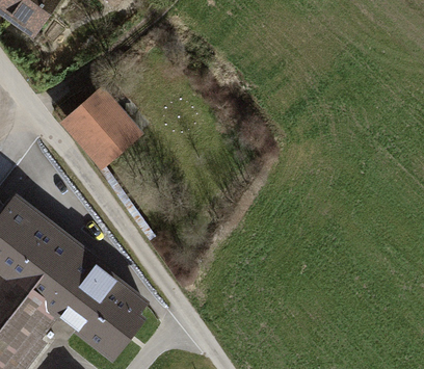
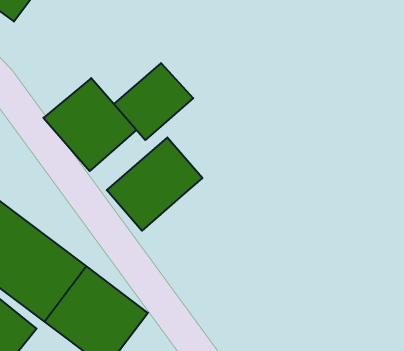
building: none -> [114,63,193,140]
building: none -> [107,137,202,231]

